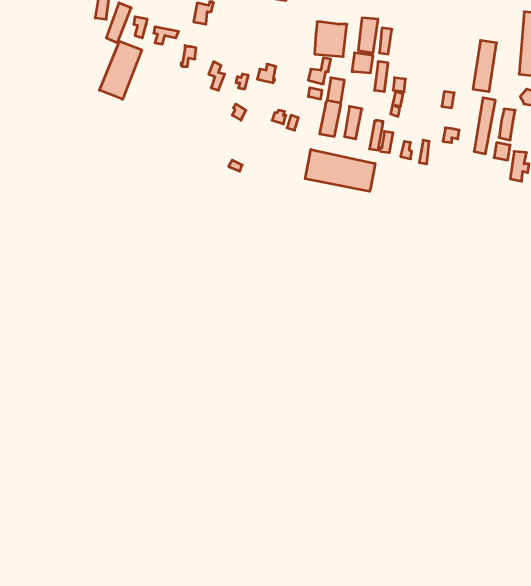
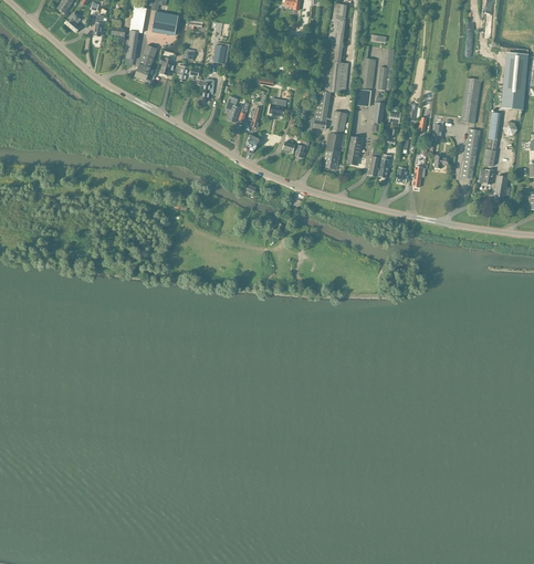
building: [99,41,142,99] -> none
building: [305,149,375,191] -> none

